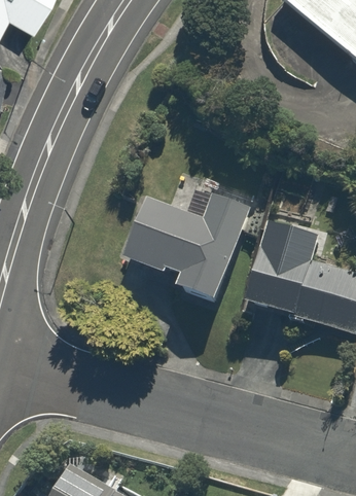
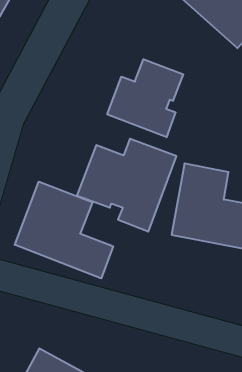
building: none -> [107,59,183,137]
building: none -> [15,182,113,278]

